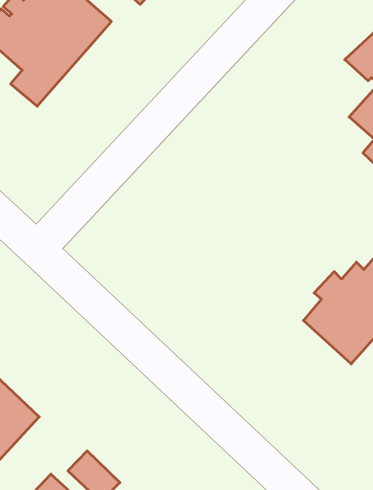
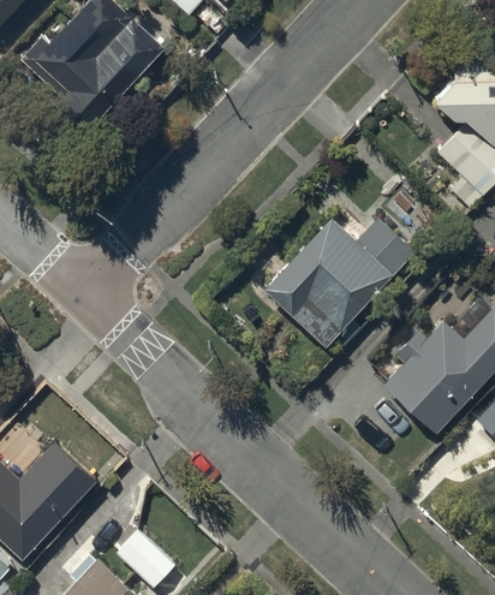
building: none -> [266,215,418,349]

